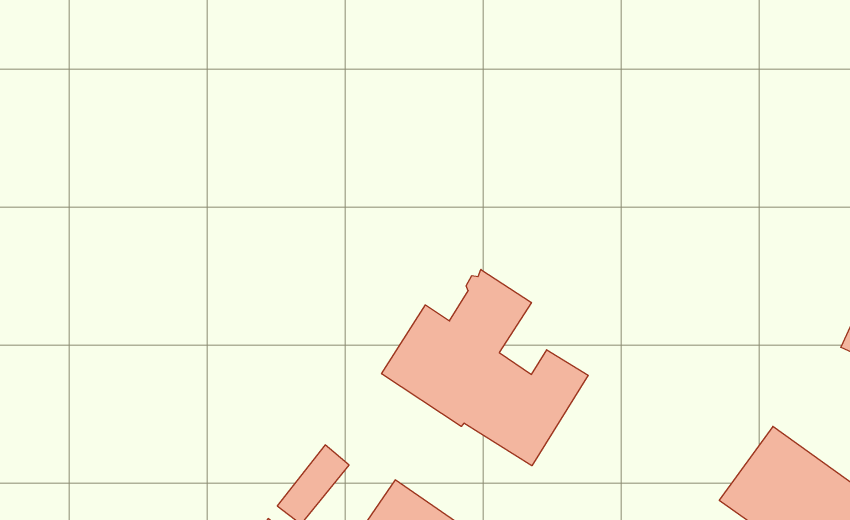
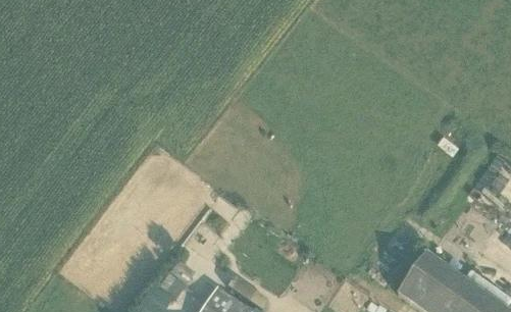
building: [382,269,588,466] -> none

